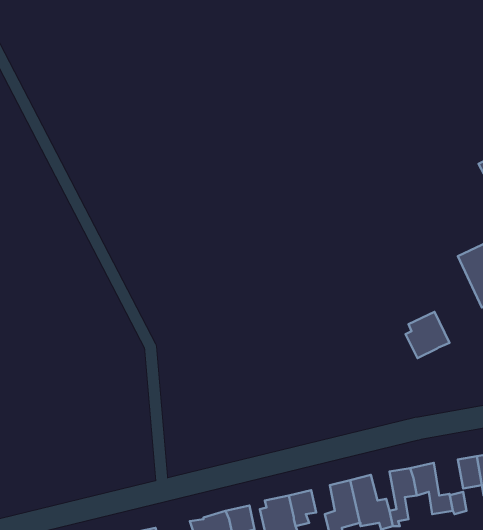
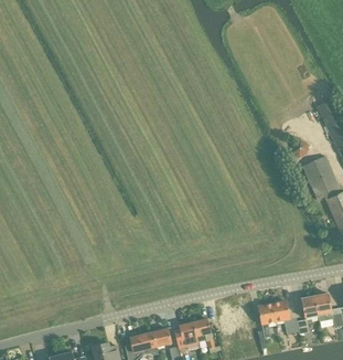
building: [405,312,450,358] -> none

